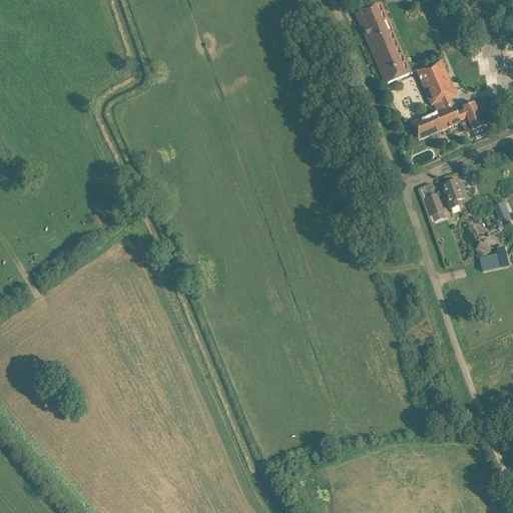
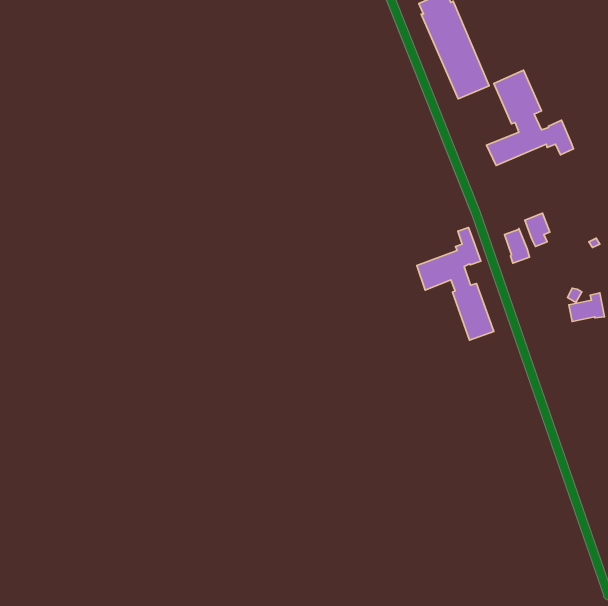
building: none -> [417,228,494,340]

